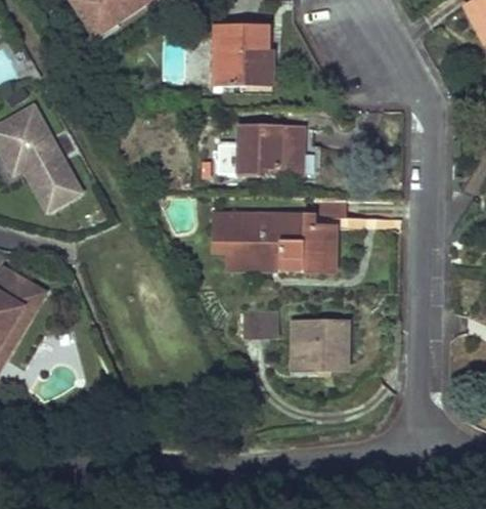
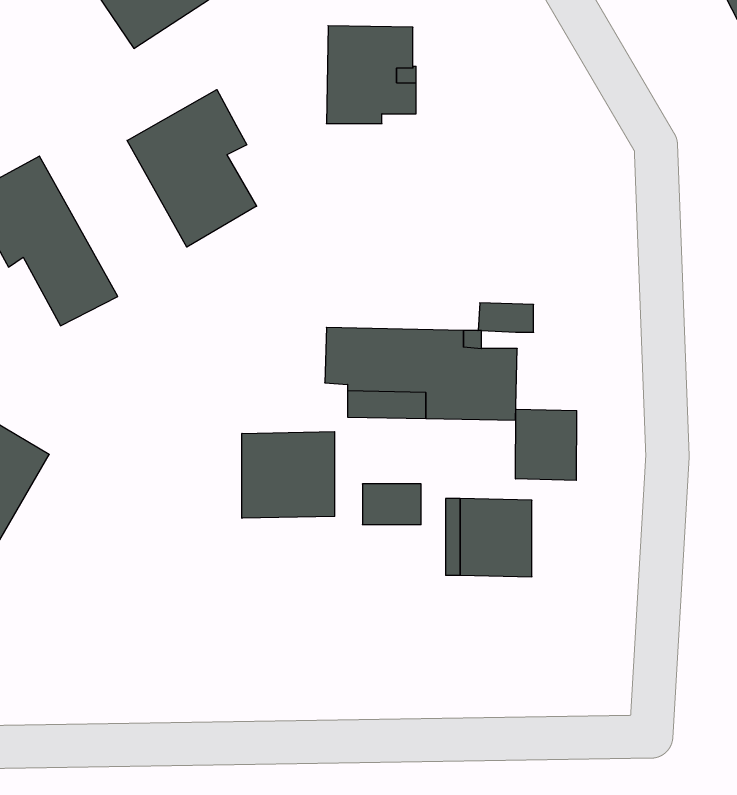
building: none -> [127,90,257,247]
building: [238,126,302,173] -> none
building: none -> [516,409,577,480]
building: none -> [242,432,335,518]

